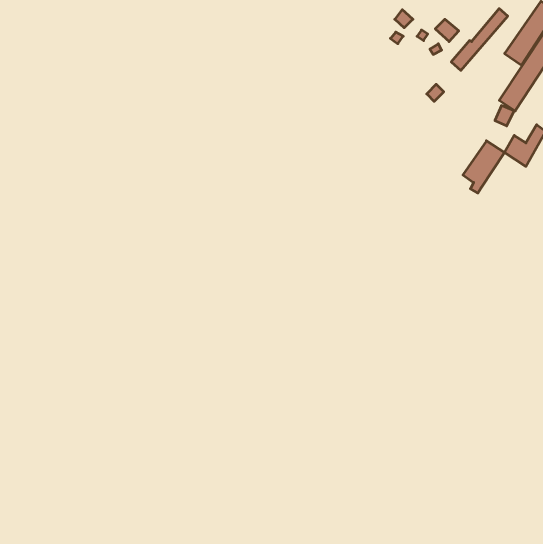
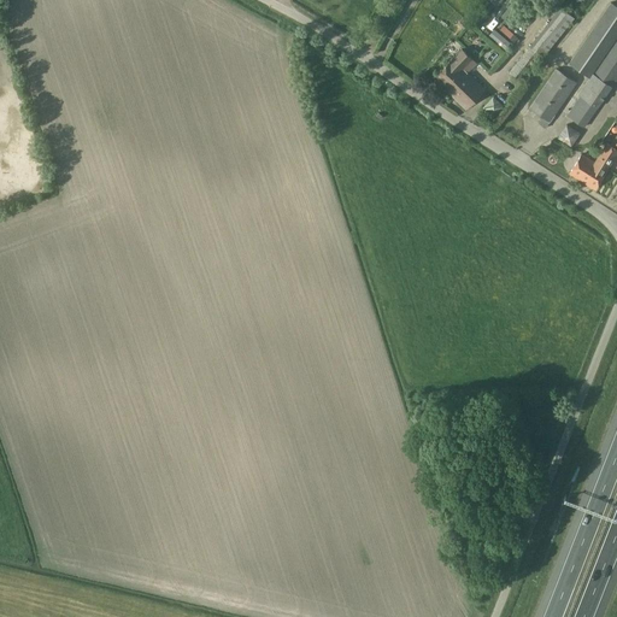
building: none -> [434,48,487,108]
building: [463,141,505,193] -> [531,69,578,128]

